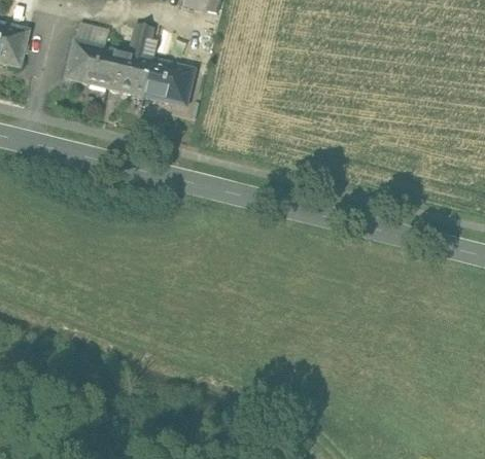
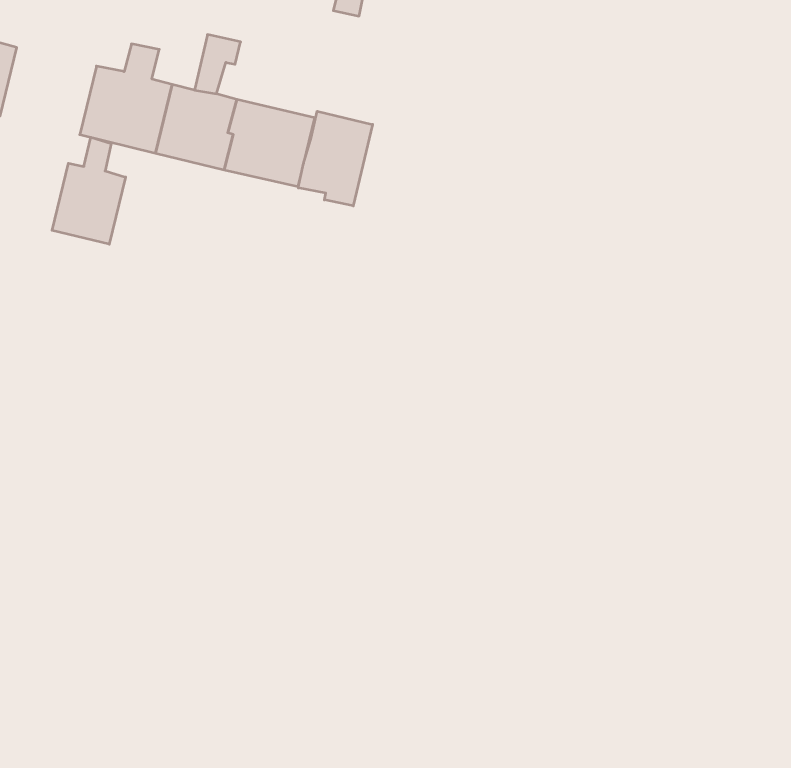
building: none -> [298,111,373,206]
building: none -> [52,137,126,244]

